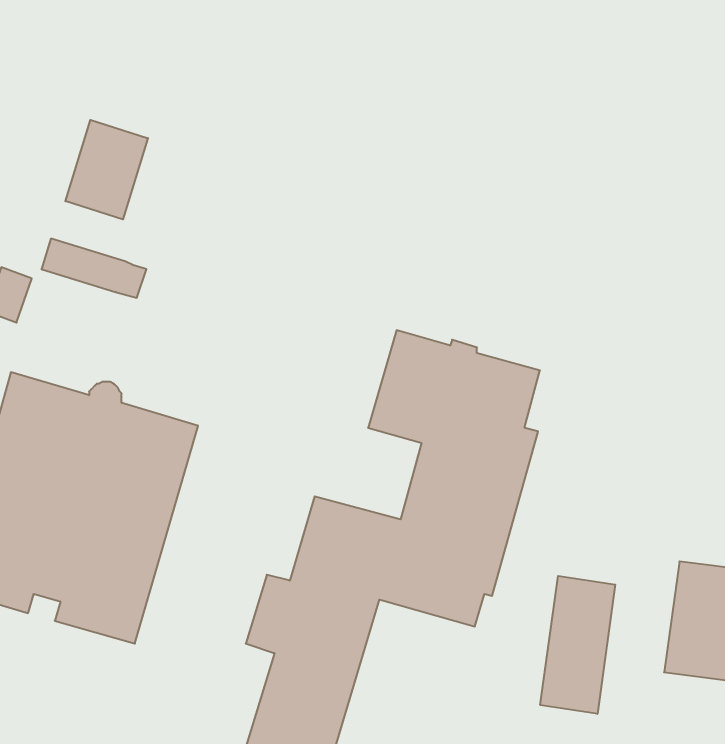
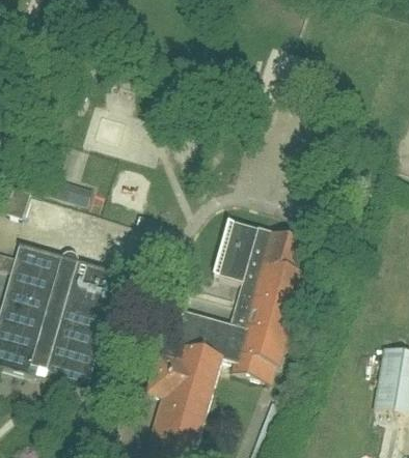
building: [65,120,148,219] -> none
building: [540,576,615,714] -> none

